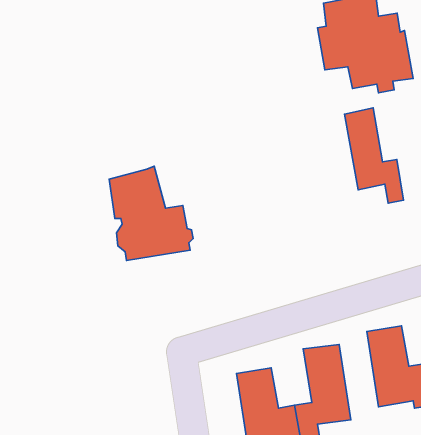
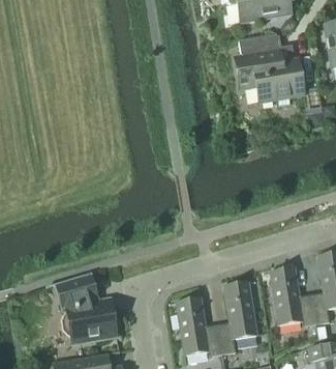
building: [344,108,403,203] -> none
building: [109,166,193,260] -> [60,275,120,342]

